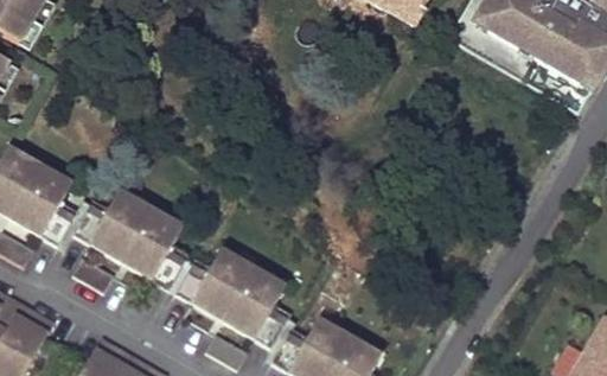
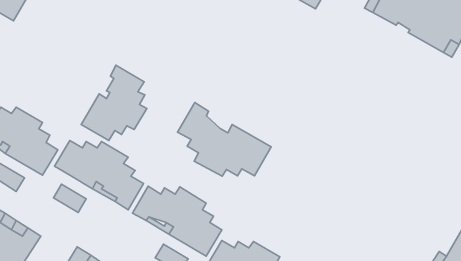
building: none -> [81,65,147,140]
building: none -> [177,103,271,176]

